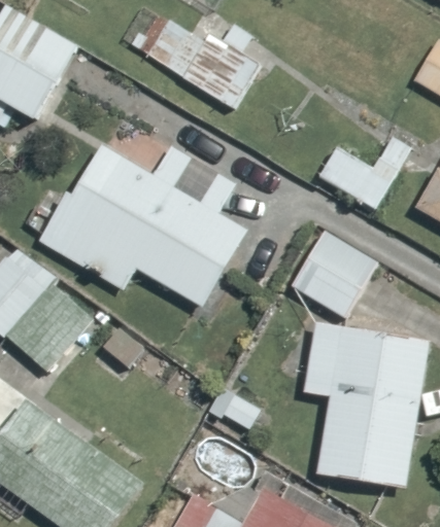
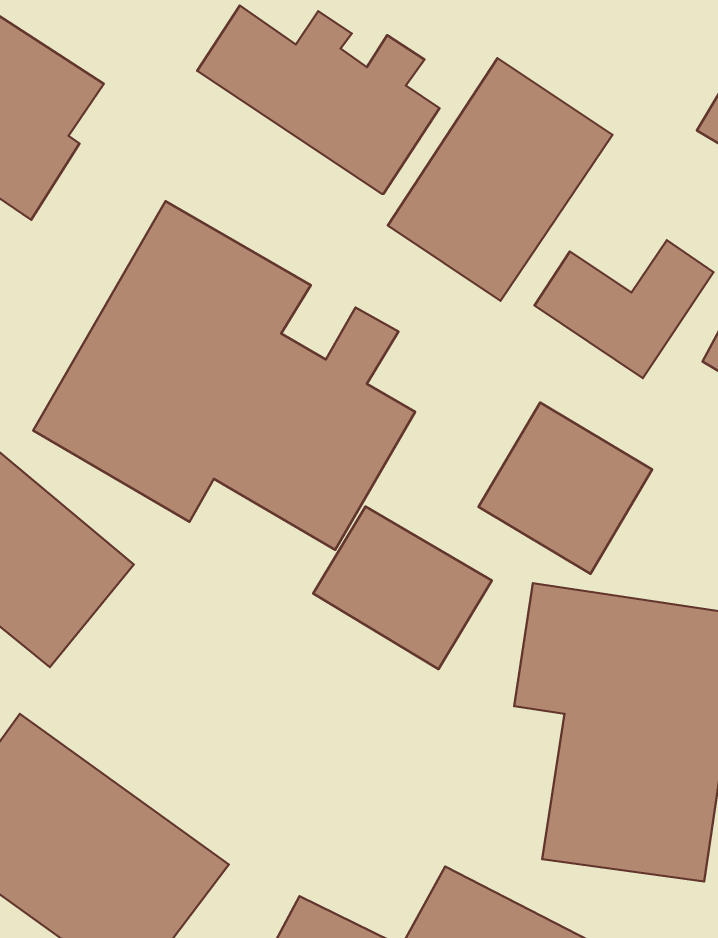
building: none -> [388,58,613,301]
building: none -> [313,506,492,669]

